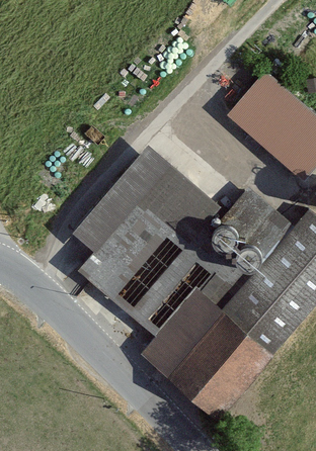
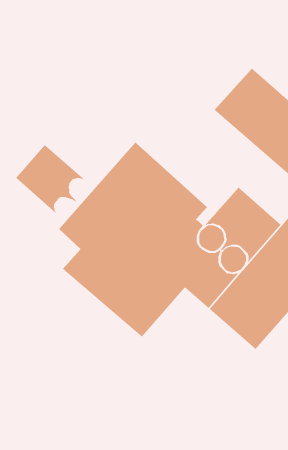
building: none -> [15,144,87,216]
building: [144,289,276,419] -> none

